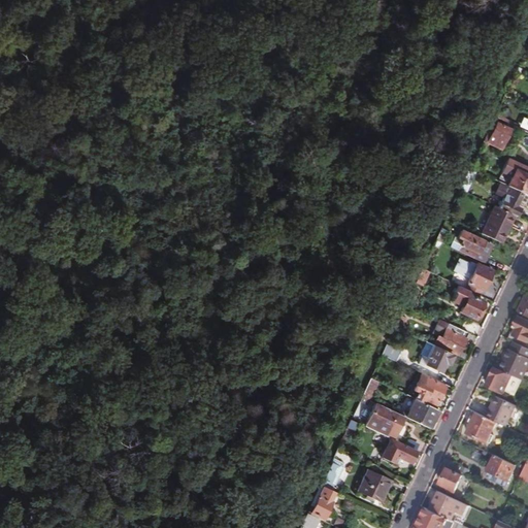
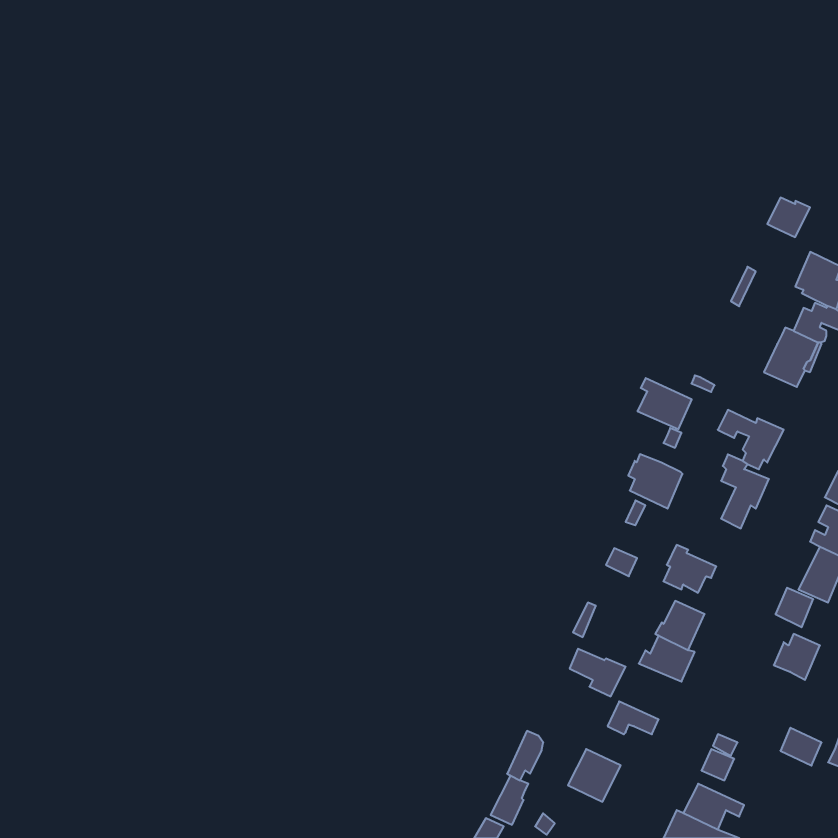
building: [457,230,491,262] -> [637,378,692,429]
building: [433,320,467,354] -> [628,454,683,509]
building: [468,412,497,440] -> none

